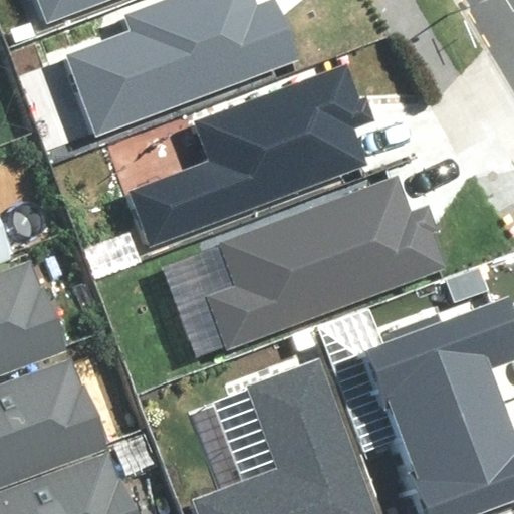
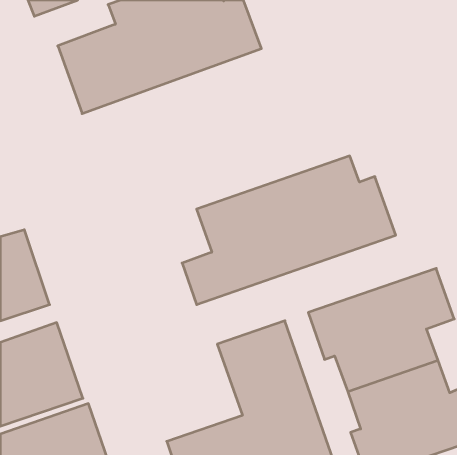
building: [133,63,365,239] -> none

